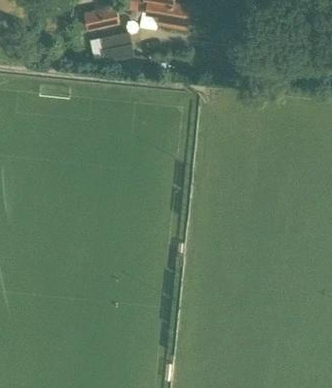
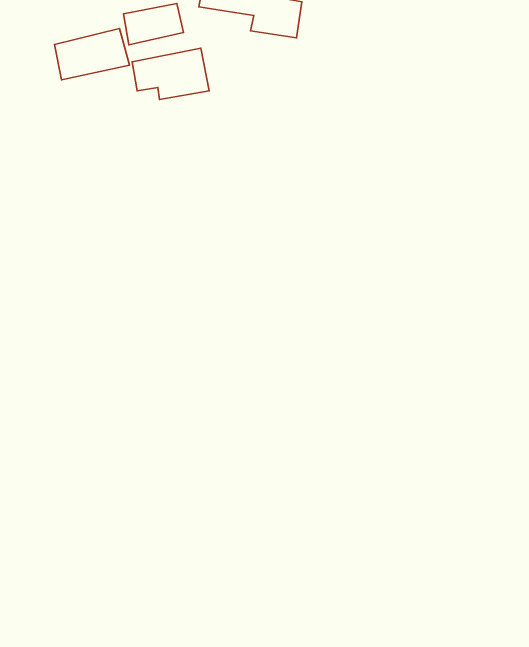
building: none -> [54,29,130,80]

